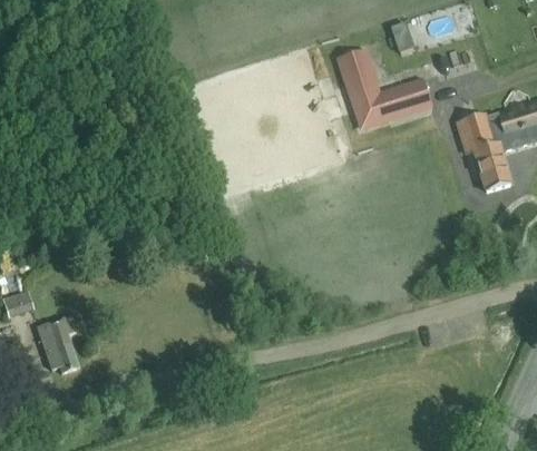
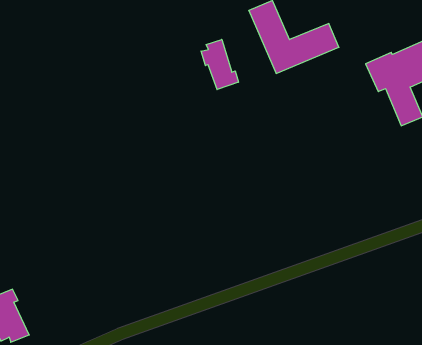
building: none -> [201,39,238,90]

